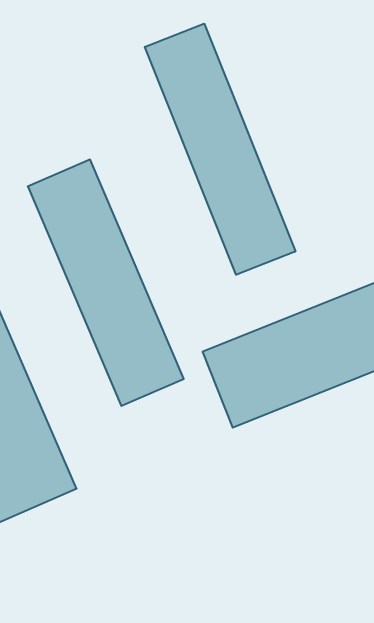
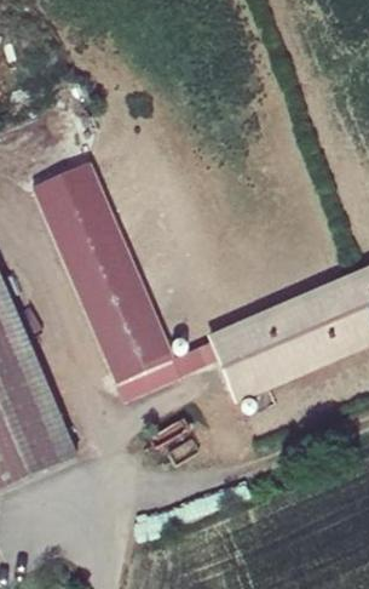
building: [145,24,295,275] -> none

